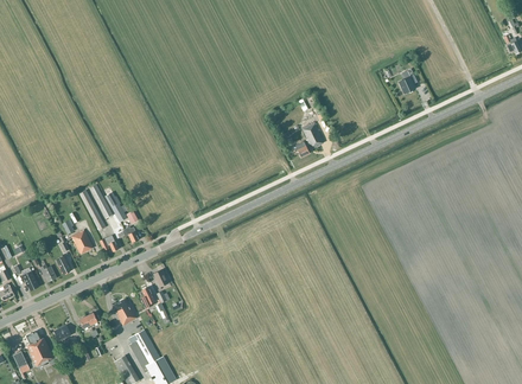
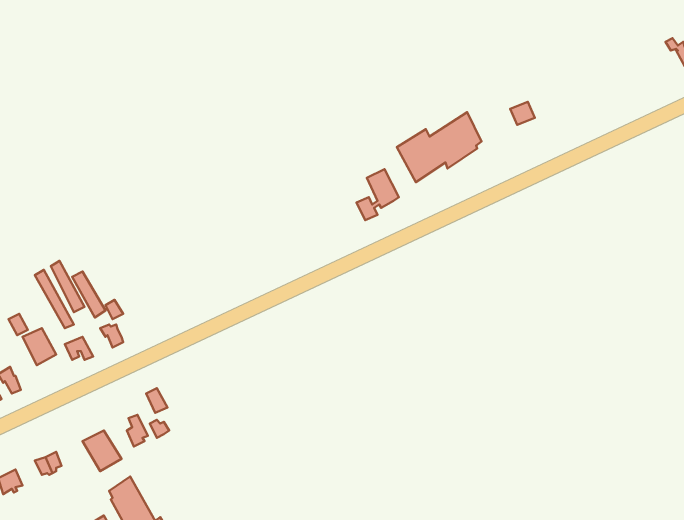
building: none -> [397,112,482,182]

